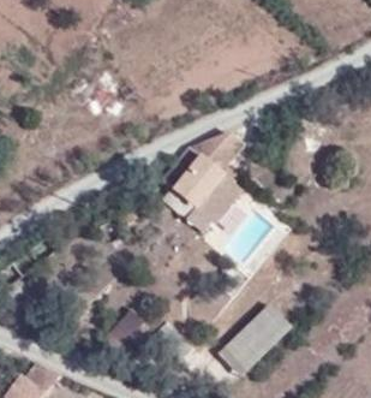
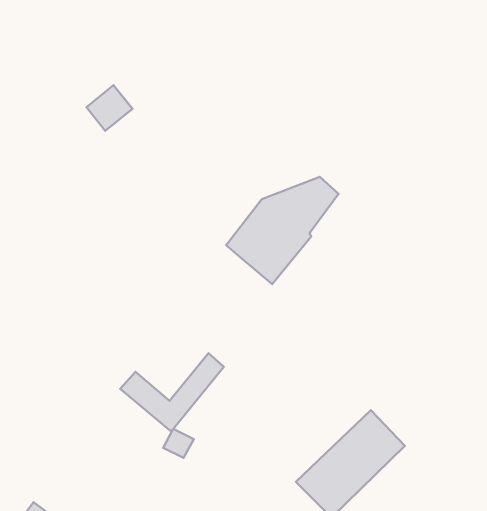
building: [163,177,237,232] -> [120,353,224,432]

